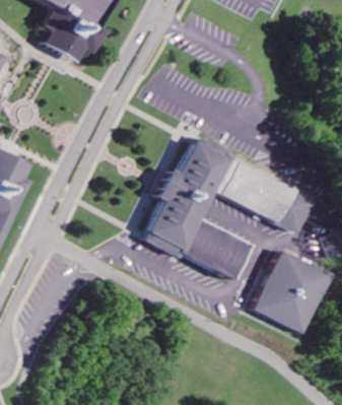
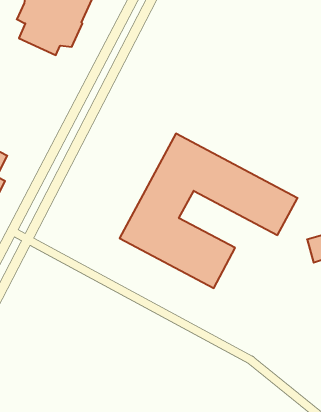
building: [246,249,330,337] -> none

